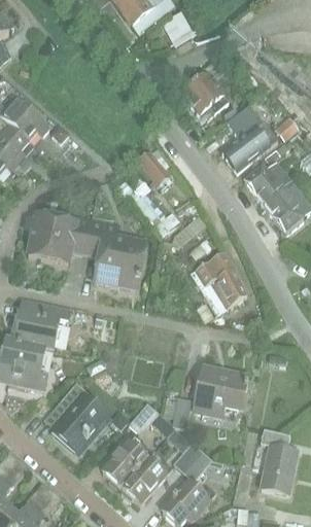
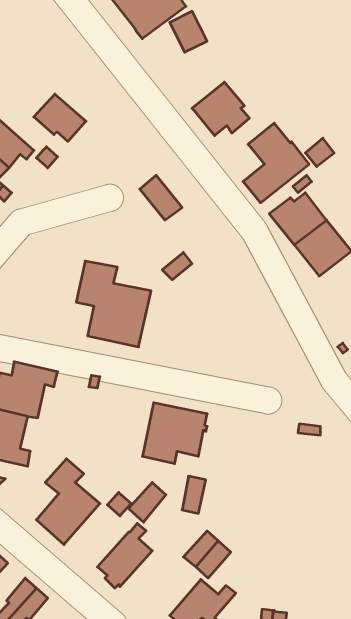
building: none -> [34,94,86,141]
building: [27,214,91,262] -> none
building: [195,250,248,307] -> none
building: [193,365,246,416] -> [142,403,207,464]
building: [260,429,298,495] -> none
building: [119,458,171,504] -> none

